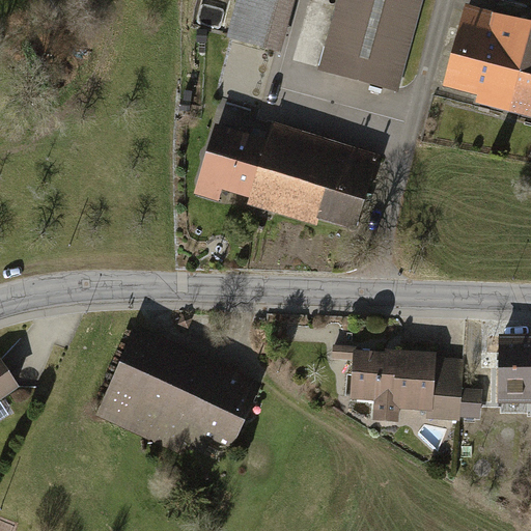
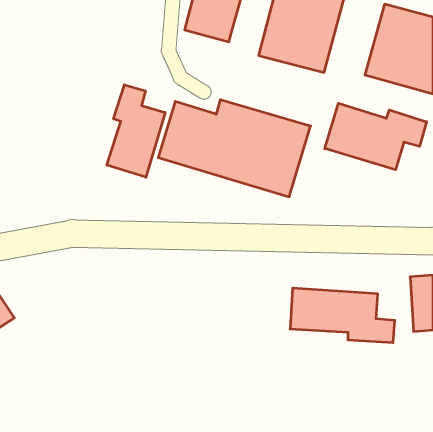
building: none -> [107,85,165,177]
building: none -> [325,103,427,170]
building: [96,330,260,462] -> none

